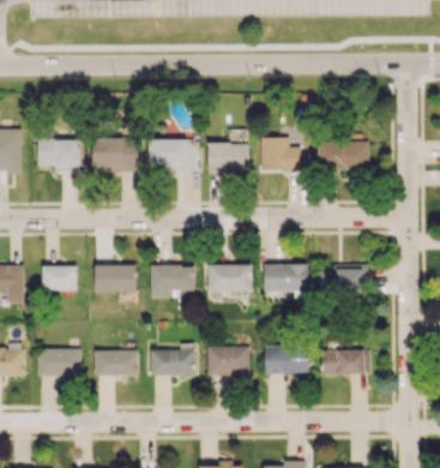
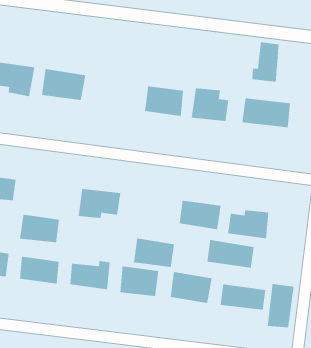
building: none -> [252,41,279,83]
building: [149,139,189,172] -> none
building: [209,264,252,292] -> [133,238,175,268]
building: [95,265,137,293] -> [19,214,60,243]
building: none -> [207,239,254,268]
building: none -> [267,283,294,328]

